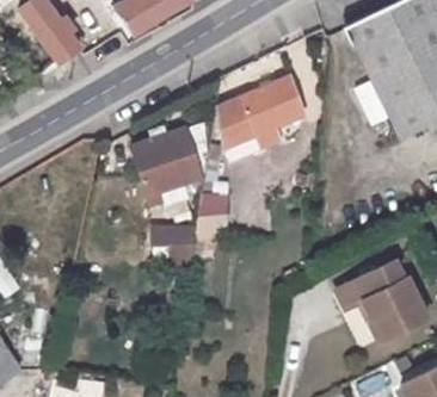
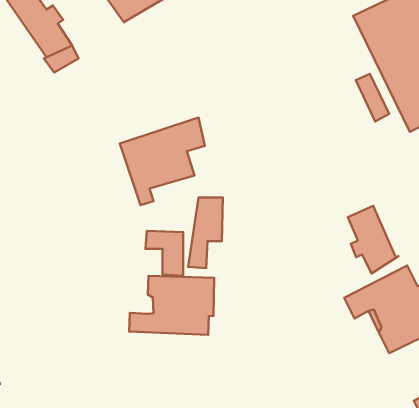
building: [217,76,303,145] -> none
building: none -> [348,206,398,273]
building: none -> [129,276,214,335]

